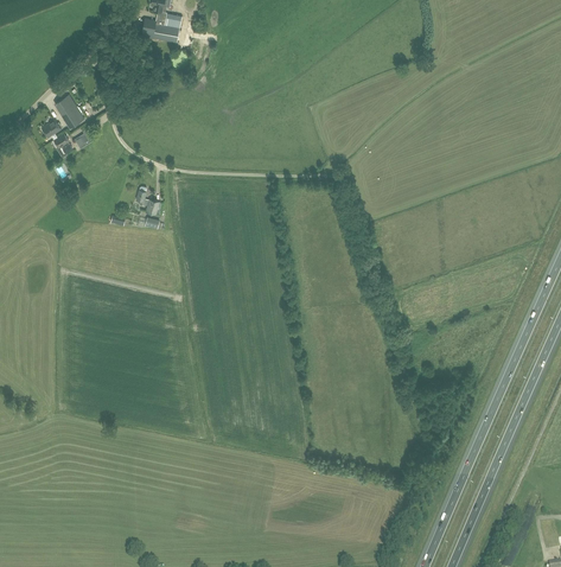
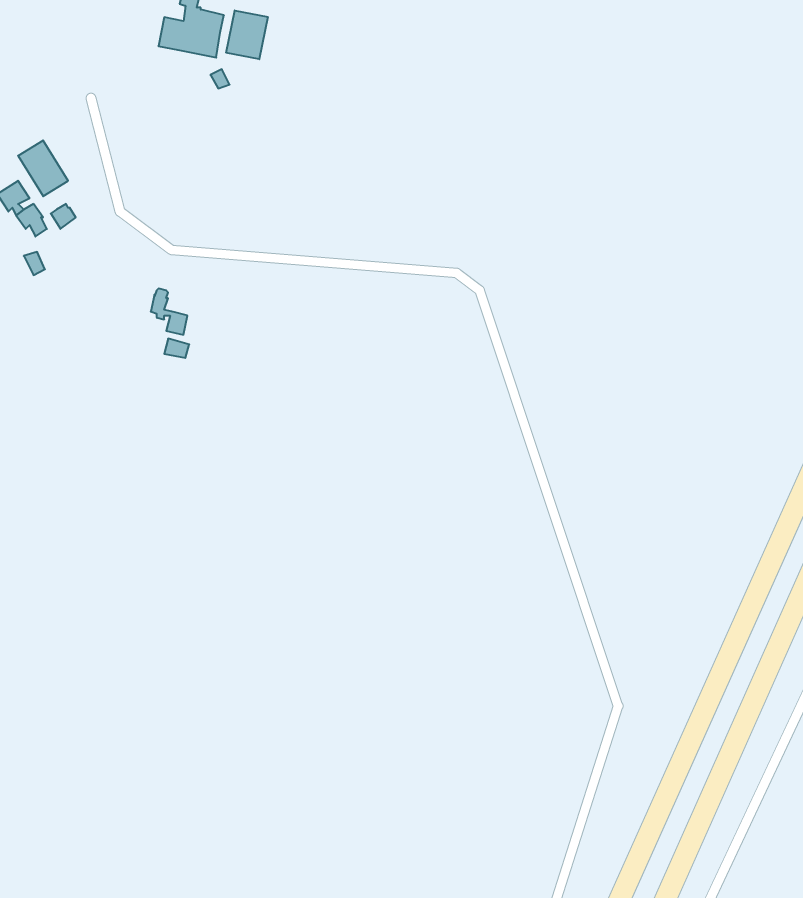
building: none -> [226,10,268,59]

